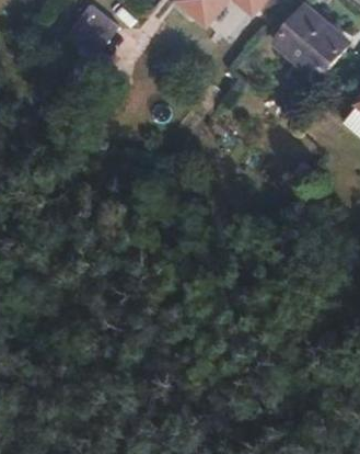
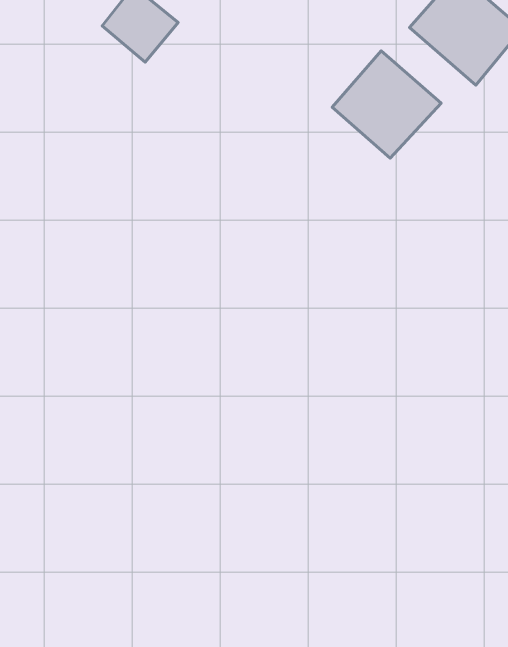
building: none -> [332,51,441,158]

